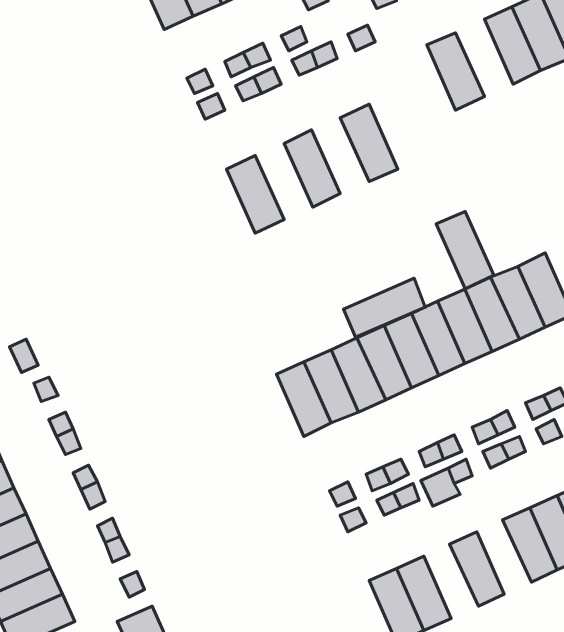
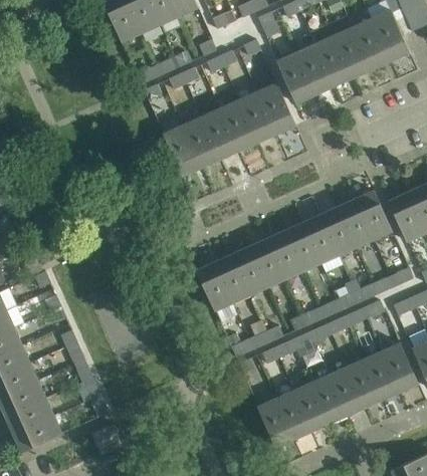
building: none -> [314,34,353,85]
building: none -> [276,51,314,102]
building: none -> [219,99,257,150]
building: none -> [182,116,220,167]
building: [436,212,494,289] -> [257,82,295,134]
building: [343,278,425,337] -> none
building: none -> [329,366,365,415]
building: none -> [293,382,330,431]

